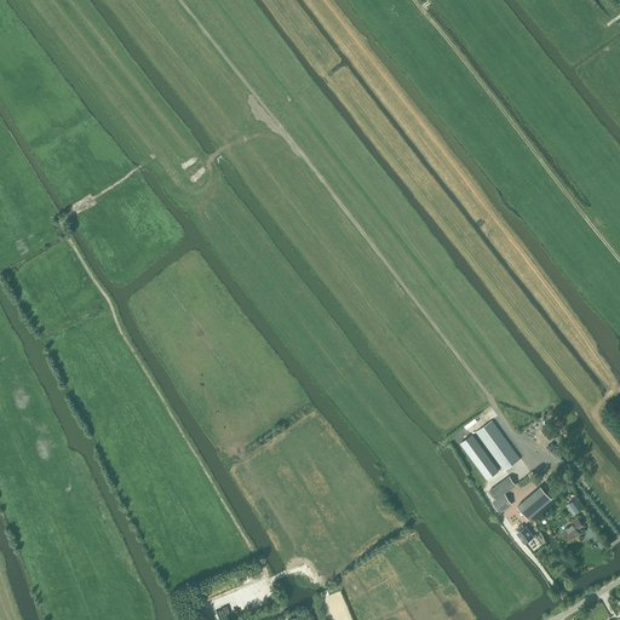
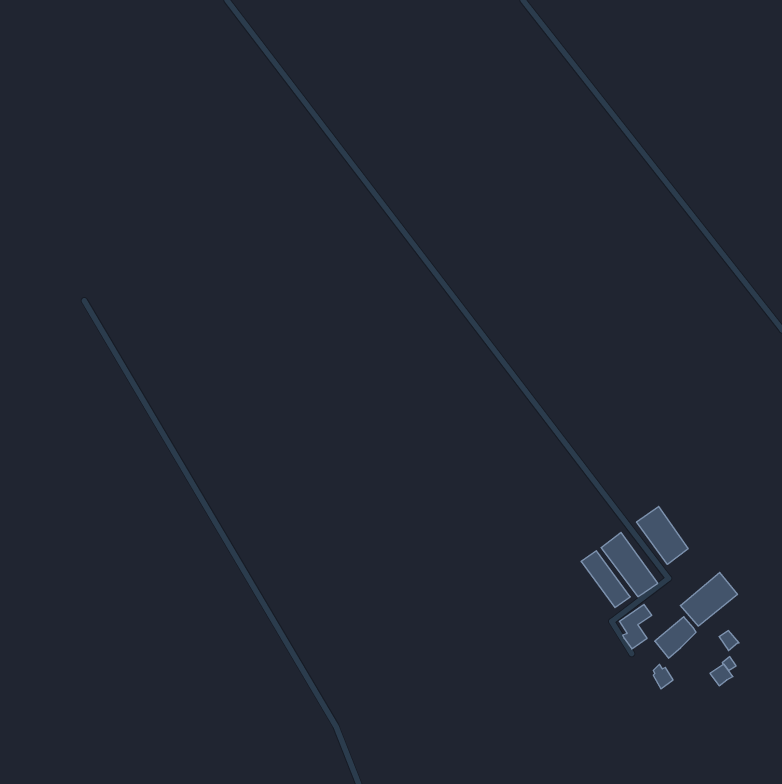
building: none -> [637,506,688,564]
building: none -> [680,572,737,626]

